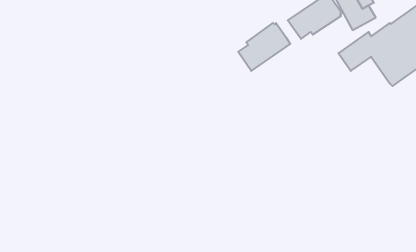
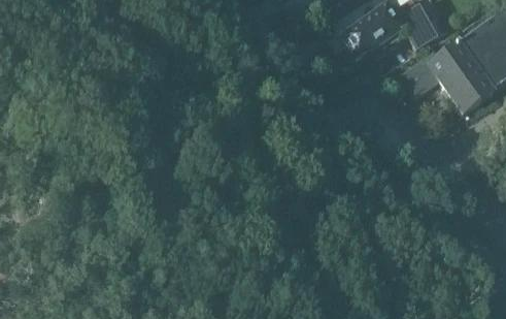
building: [238,23,290,71] -> none

